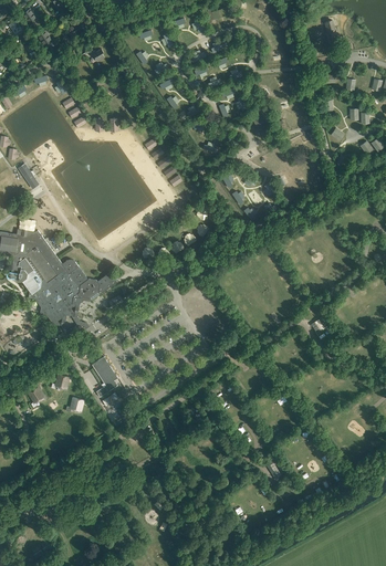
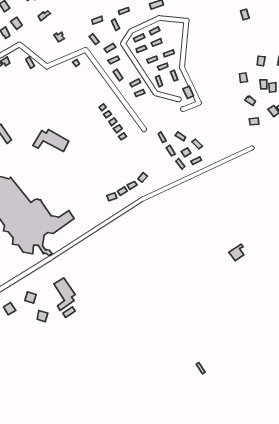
building: none -> [33,129,69,152]

